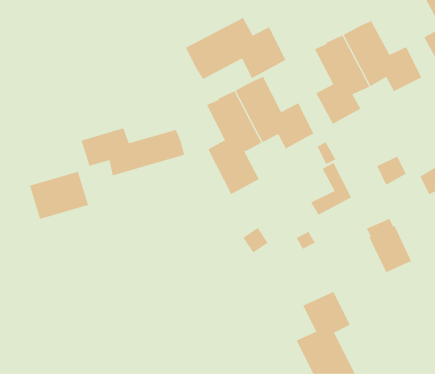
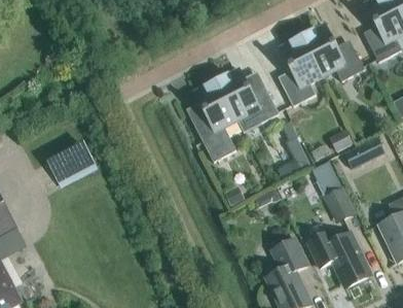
building: [185,17,286,80] -> none
building: [81,127,185,176] -> none
building: none -> [307,231,370,284]

